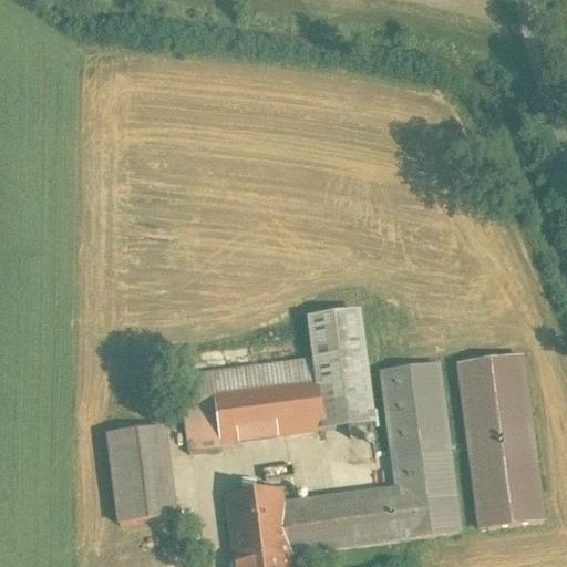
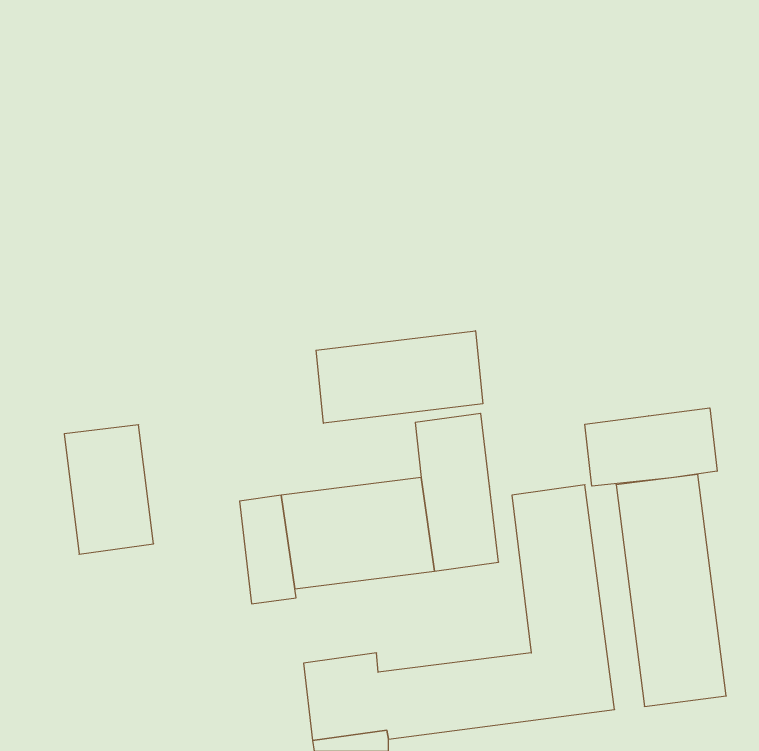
building: none -> [316,331,483,423]
building: none -> [585,408,717,486]
building: [107,425,174,522] -> [64,425,154,554]

